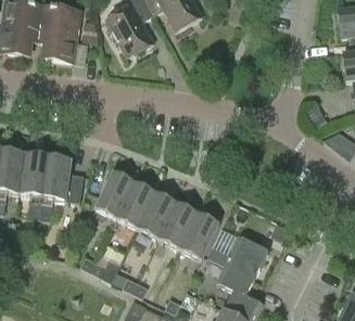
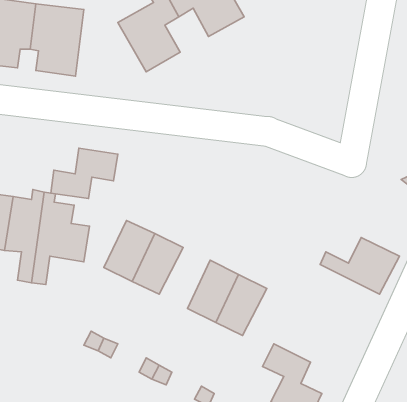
building: none -> [51,148,118,198]
building: [137,192,176,239] -> none
building: [207,236,268,280] -> [320,238,399,294]

